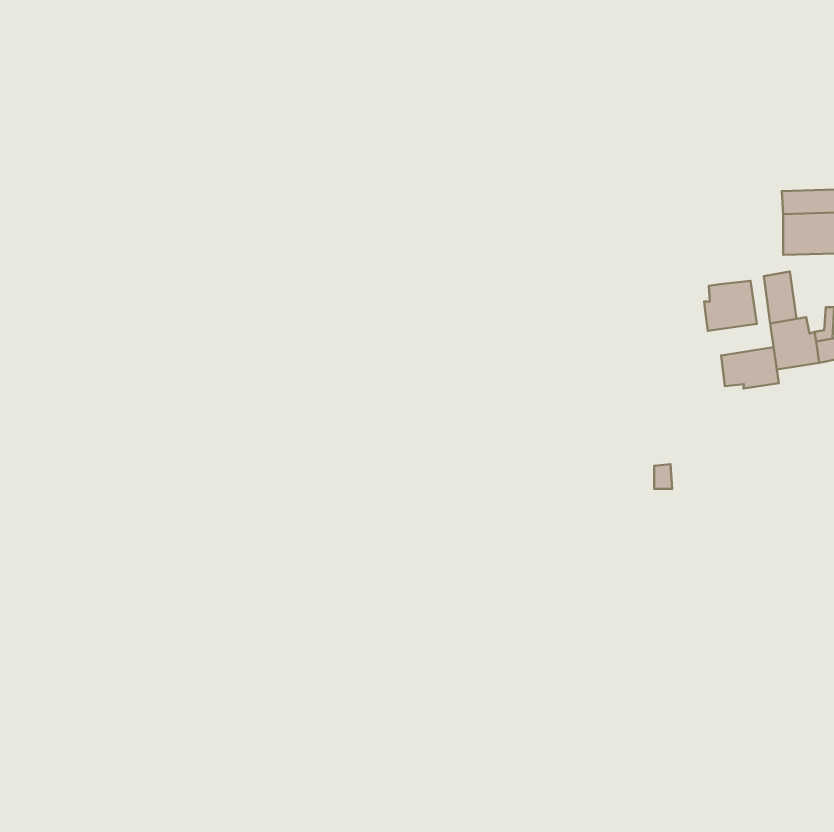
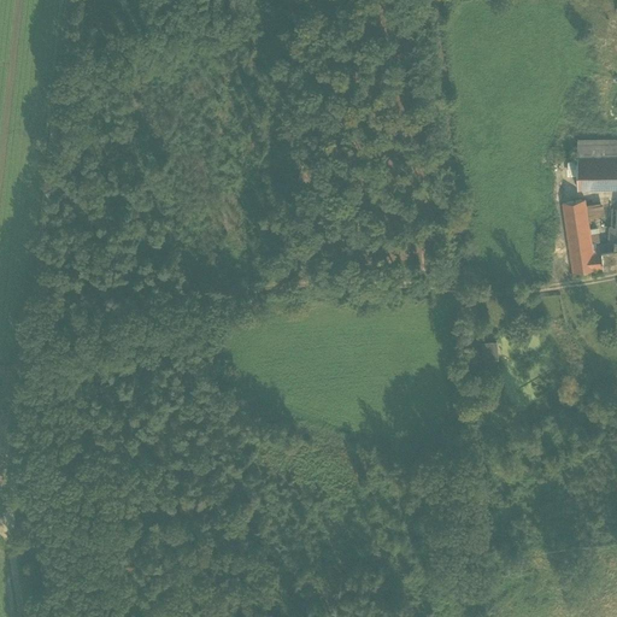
building: [704,281,757,331] -> none
building: [721,347,779,388] -> none

